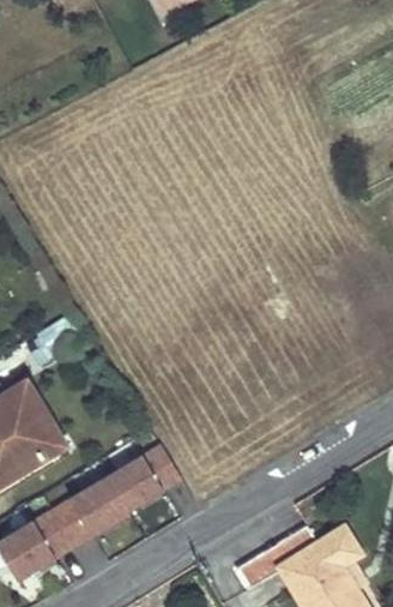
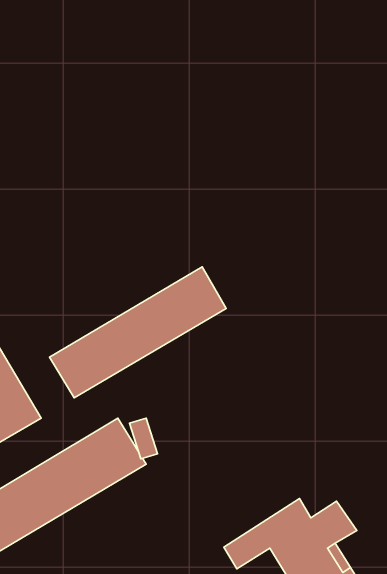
building: none -> [50,267,226,398]

